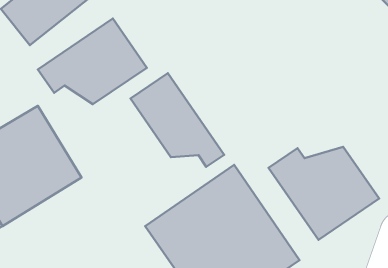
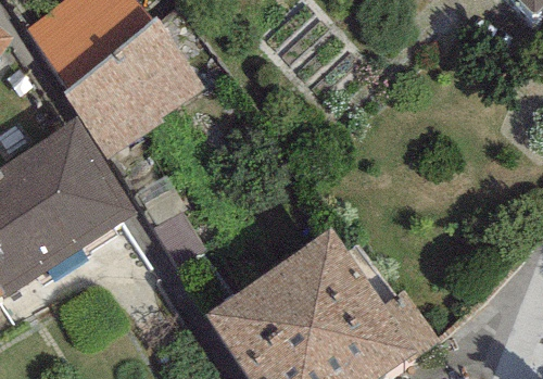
building: [130,73,224,167] -> none
building: [269,147,379,240] -> none

